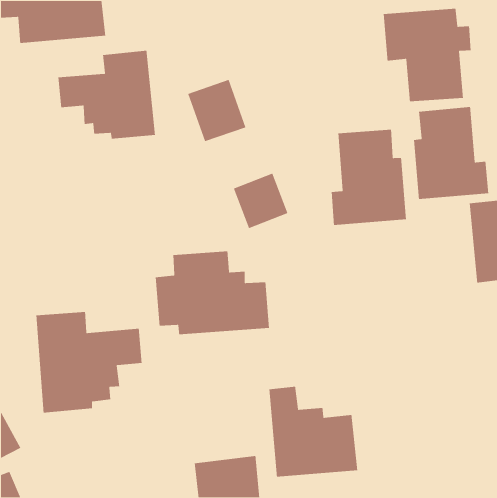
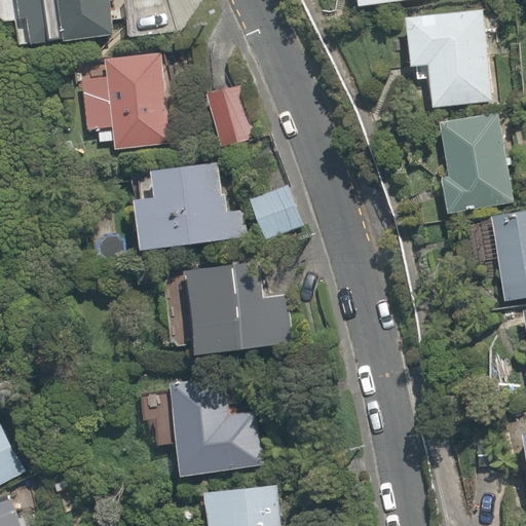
building: [331,129,407,226] -> none
building: none -> [133,165,247,251]
building: [35,311,143,413] -> none
building: [269,386,358,477] -> [168,378,263,475]

